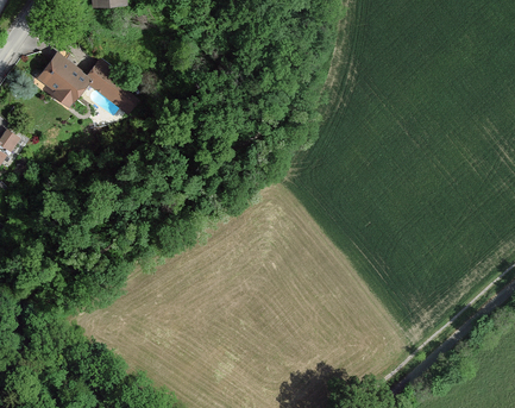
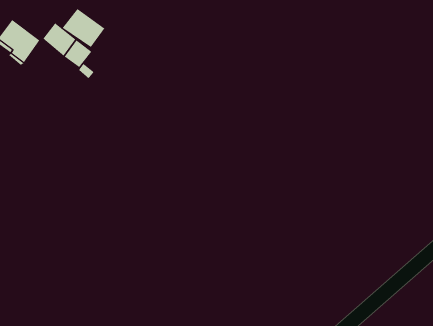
building: none -> [62,8,105,48]

